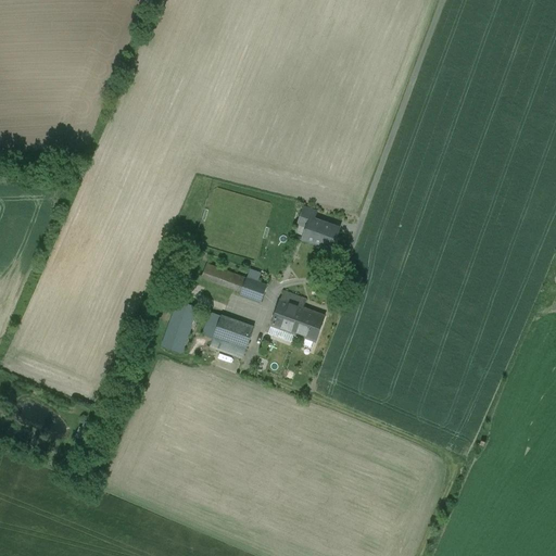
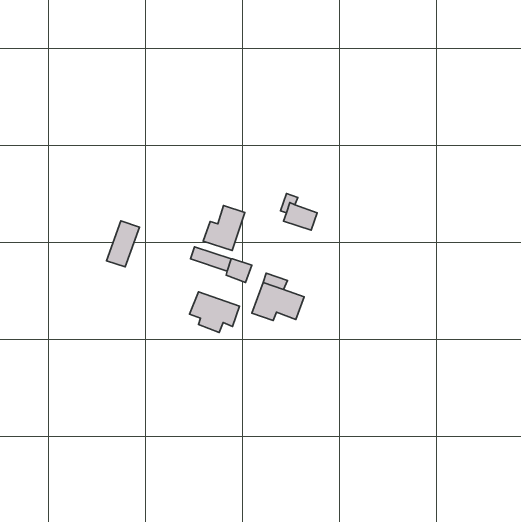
building: none -> [203,206,245,250]
building: [162,301,197,350] -> [107,221,139,267]

